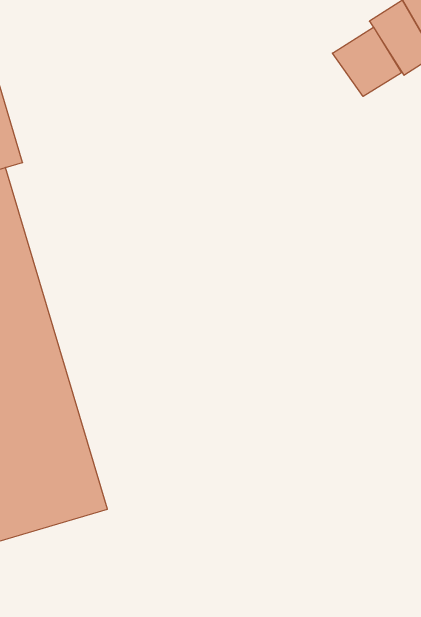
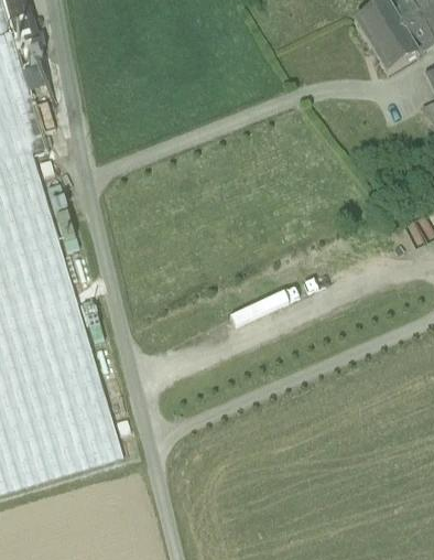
building: [332,27,401,96] -> none

